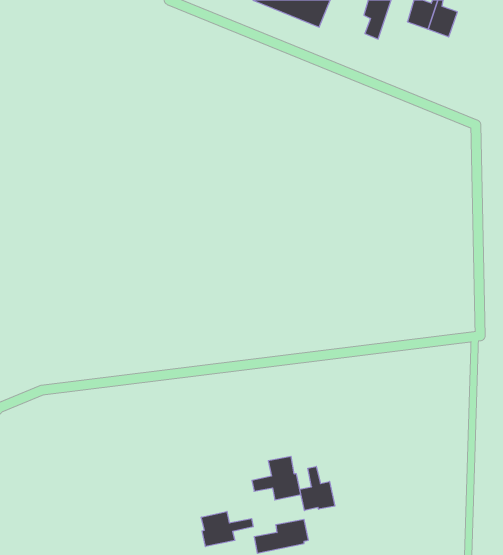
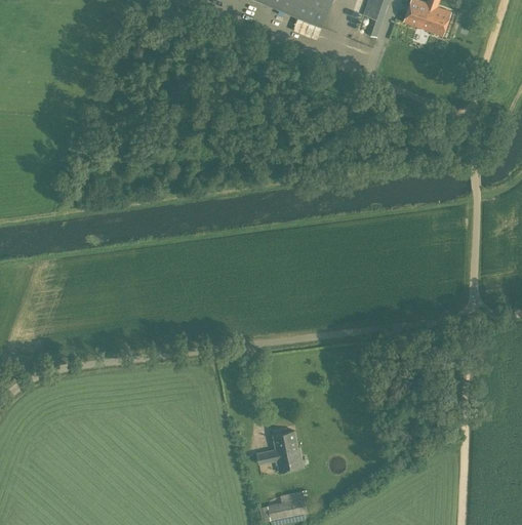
building: [300,466,335,511] -> none
building: [201,511,253,547] -> none

